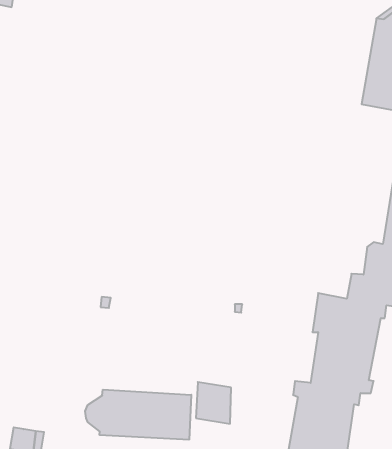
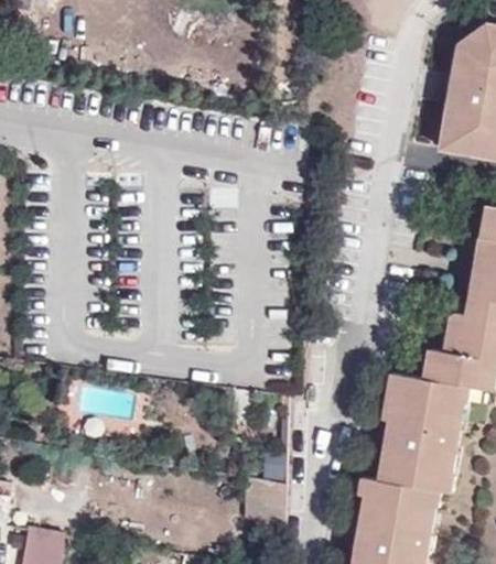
building: [85,390,191,440] -> none

